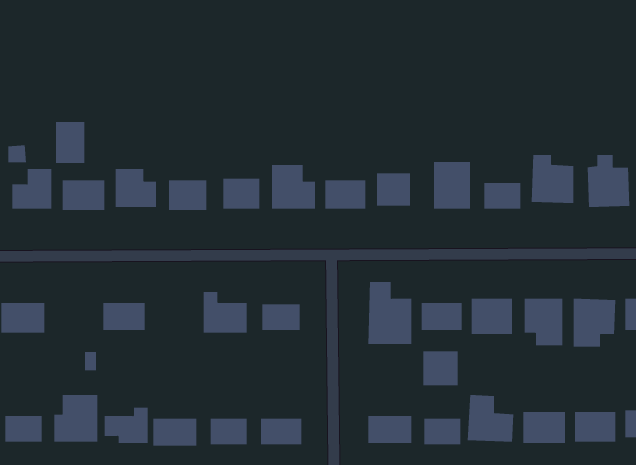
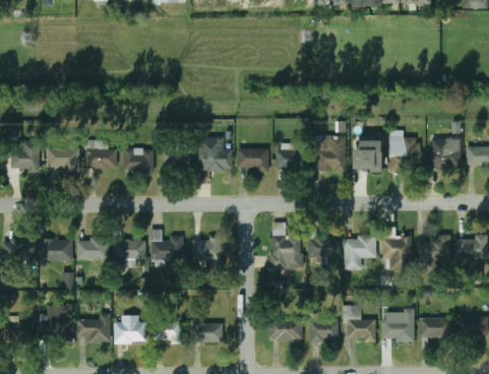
building: [56,121,85,164] -> none
building: none -> [41,239,71,260]
building: none -> [114,240,144,263]
building: [423,351,458,386] -> none

